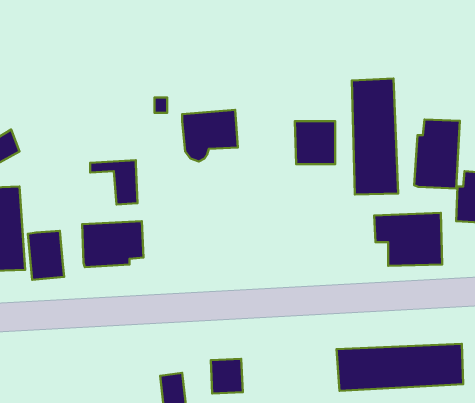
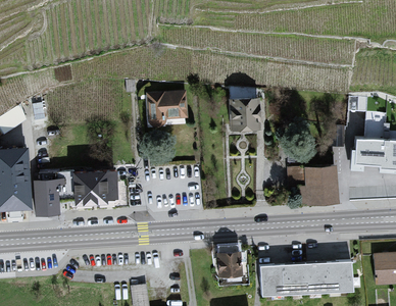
building: [352,78,398,195] -> none
building: [414,119,460,188] -> none
building: [90,160,137,205] -> [39,170,73,203]
building: [211,359,243,394] -> [217,251,241,276]

